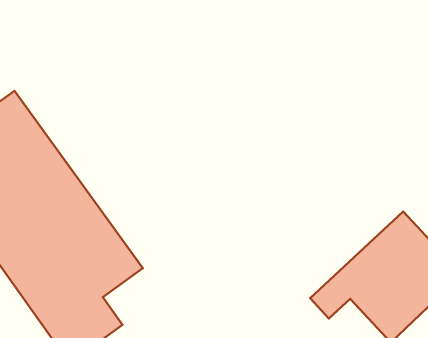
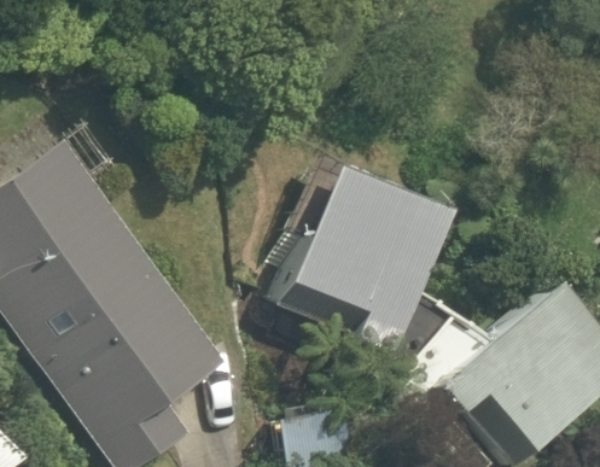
building: none -> [282,156,450,355]

